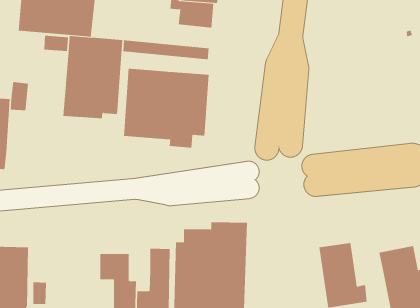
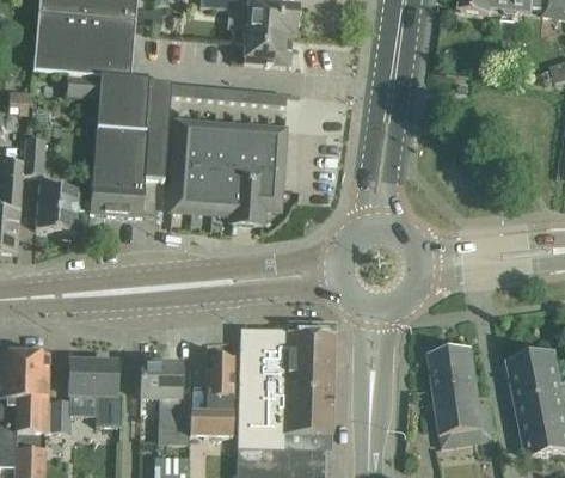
building: none -> [88,182,143,215]
building: none -> [36,184,76,231]
building: none -> [69,361,121,424]

